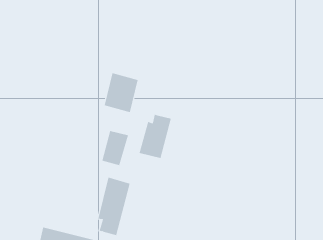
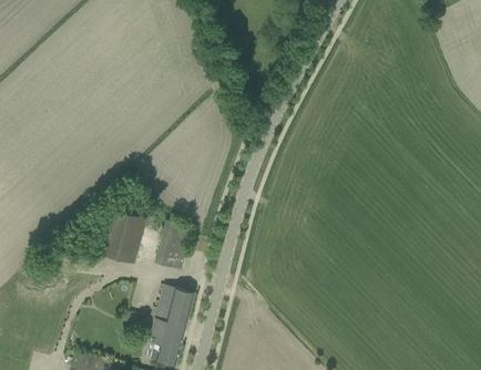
building: [104,73,139,113] -> [98,208,145,264]
building: [139,114,172,159] -> none

